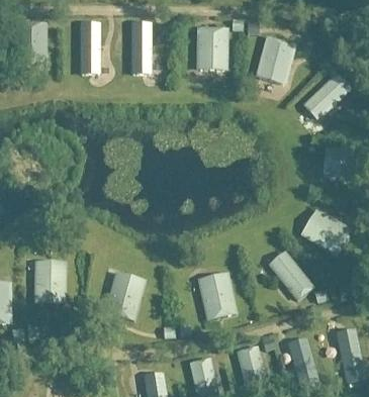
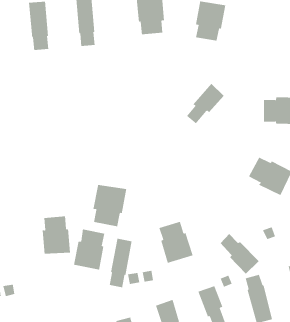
building: [305,73,349,116] -> [186,83,224,124]
building: none -> [93,184,127,227]
building: [271,253,312,299] -> [220,233,259,274]
building: [34,262,64,302] -> [42,216,71,254]
building: none -> [109,238,132,288]

